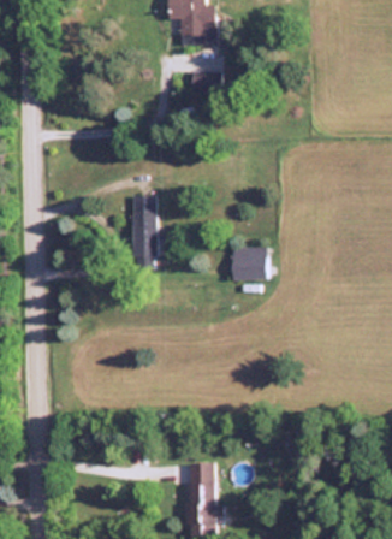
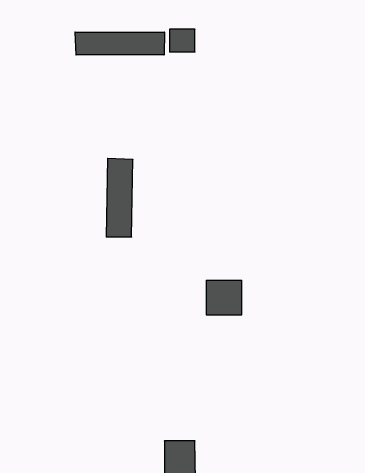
building: none -> [75,32,164,55]
building: [232,245,266,278] -> [206,280,242,315]

